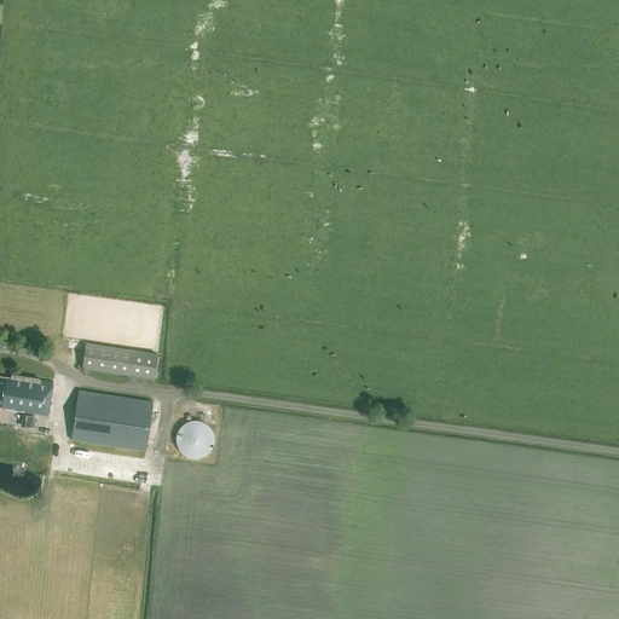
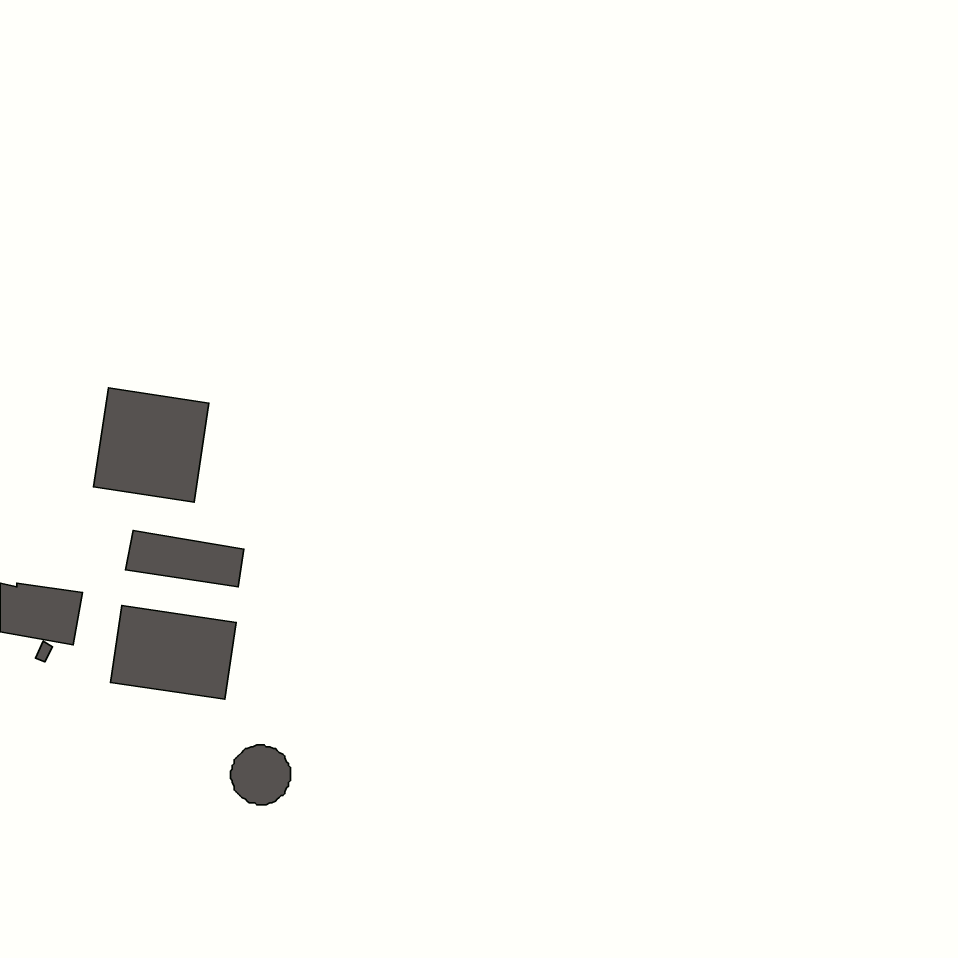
building: none -> [94,388,209,502]
building: [175,420,214,458] -> [230,745,290,805]

